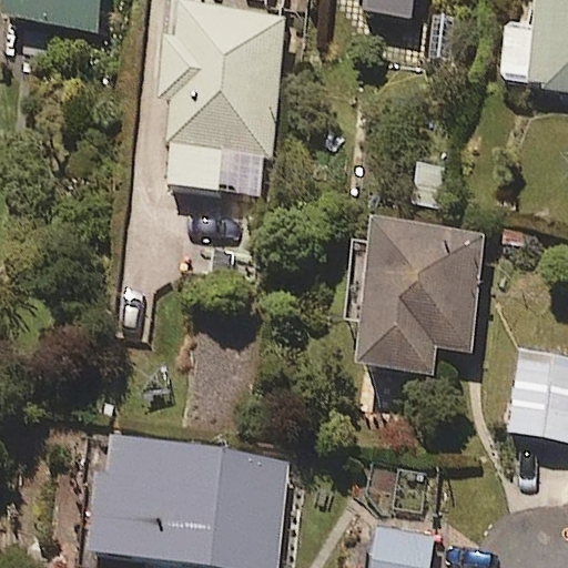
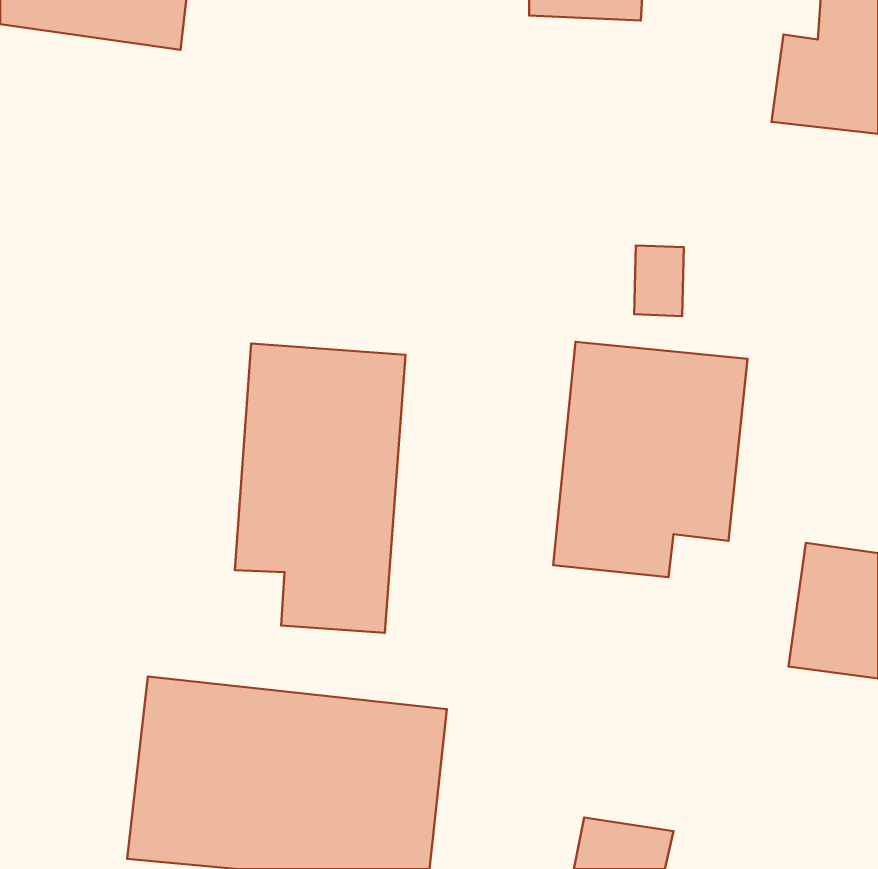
building: [165,6,282,193] -> none
building: none -> [235,343,405,633]

